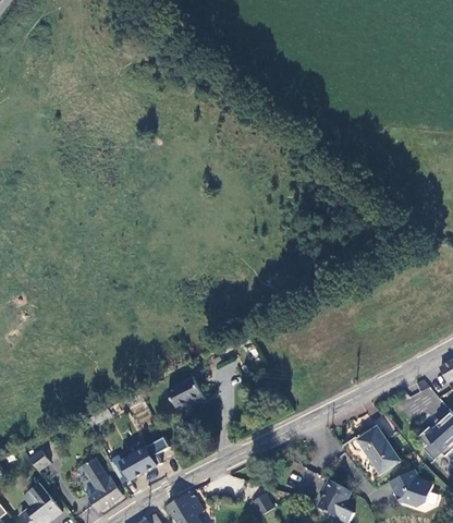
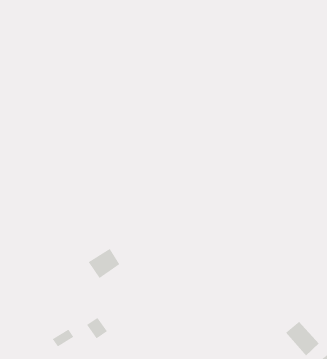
building: [166,376,203,410] -> [88,248,120,279]

